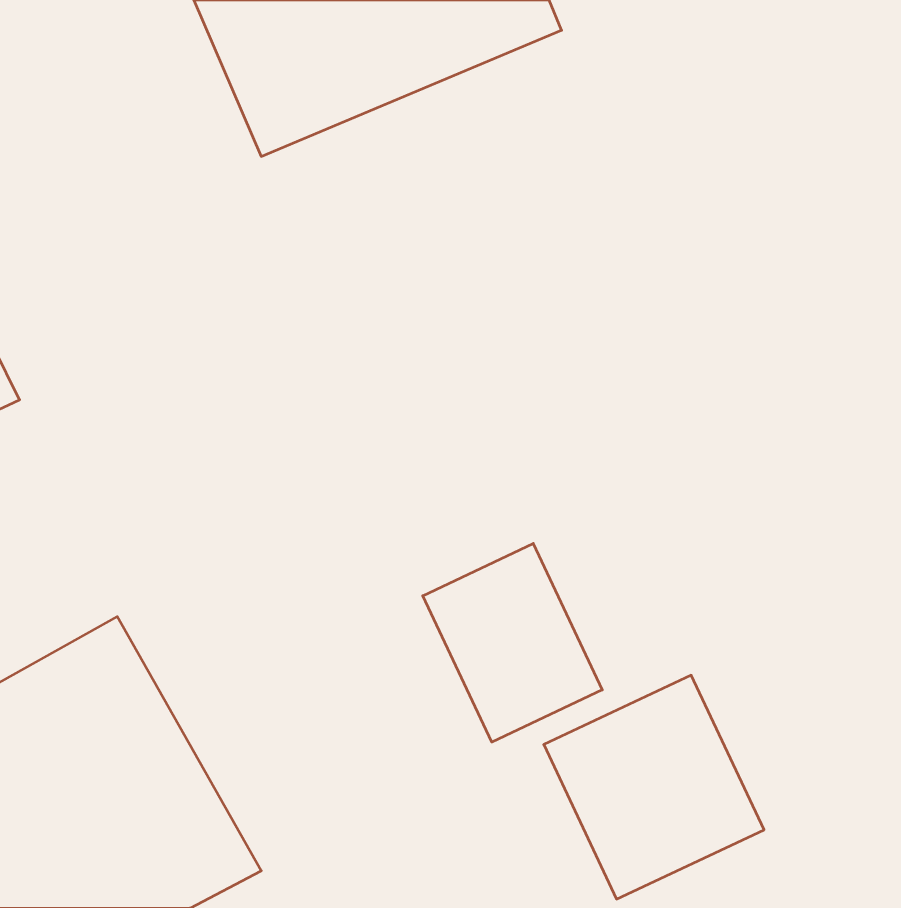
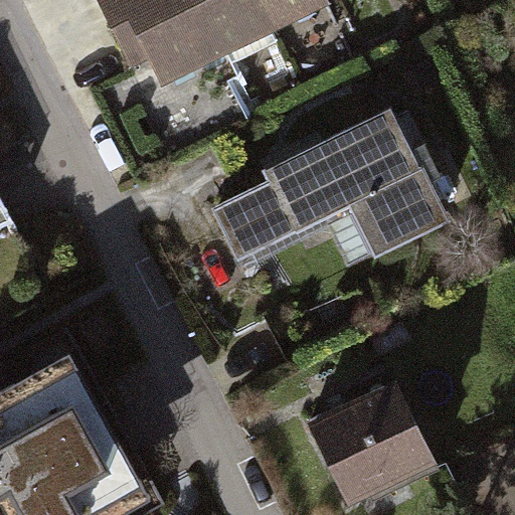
building: none -> [209,117,442,267]
building: [423,543,602,742] -> none

